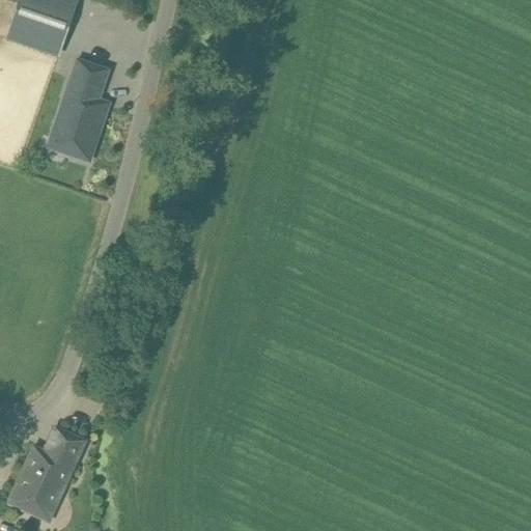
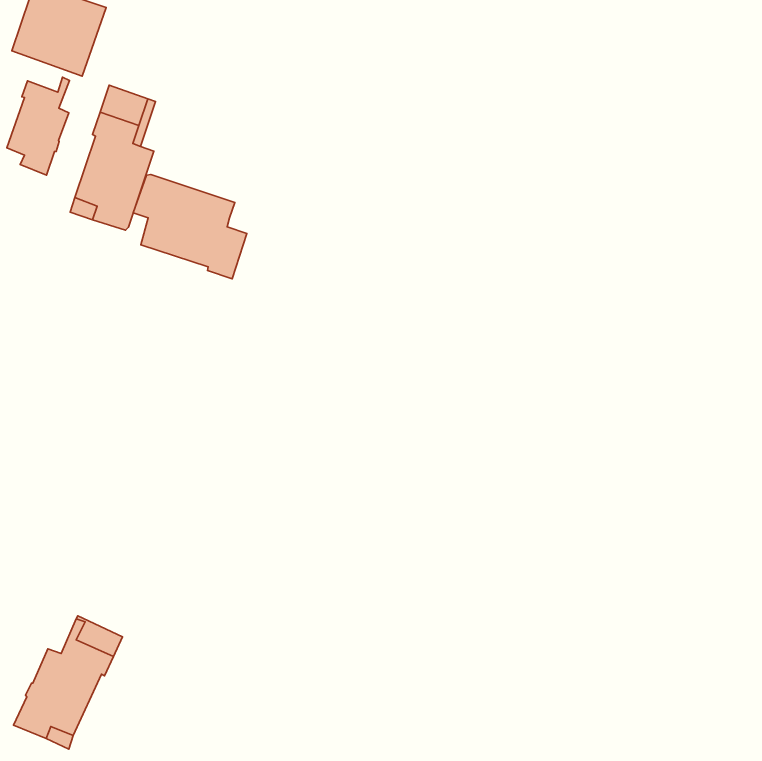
building: none -> [7,77,69,175]
building: none -> [133,174,247,279]

